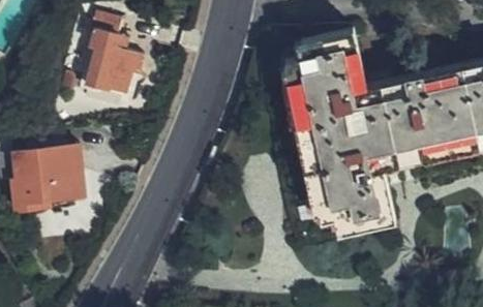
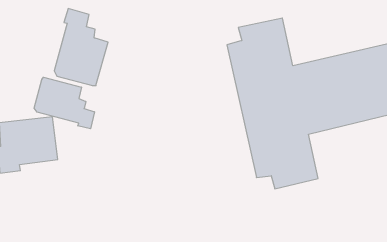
building: none -> [34,77,94,129]

